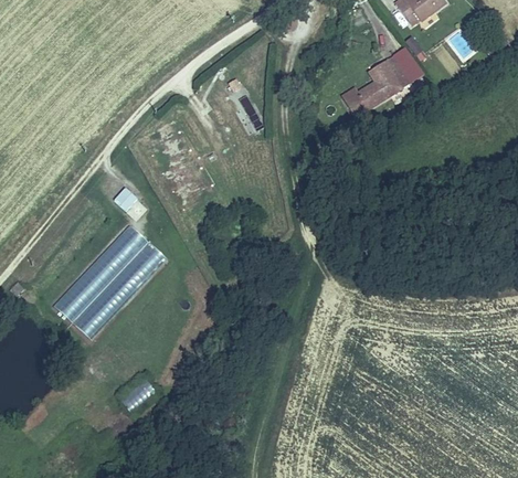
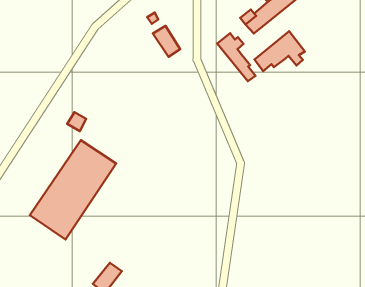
building: none -> [217,33,256,81]
building: none -> [254,31,305,71]

